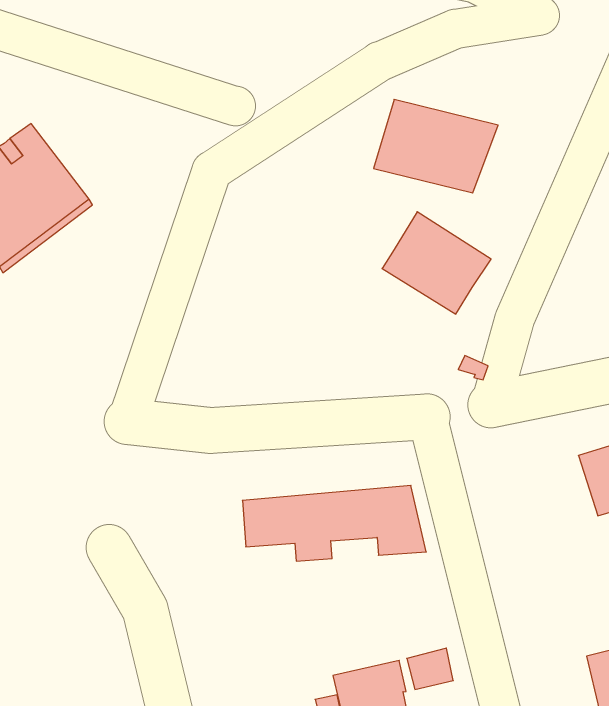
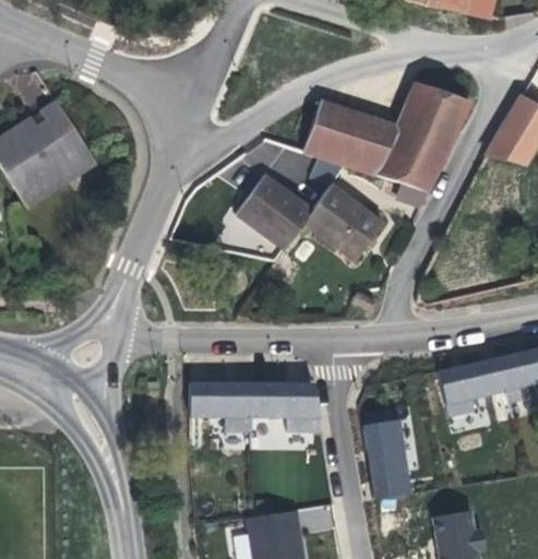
building: none -> [374,82,470,191]
building: none -> [237,176,314,249]
building: none -> [364,420,410,498]

